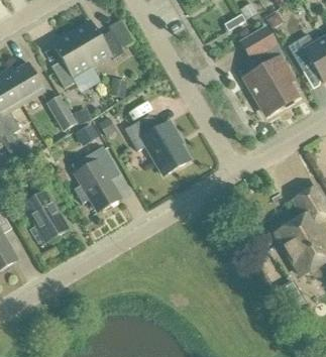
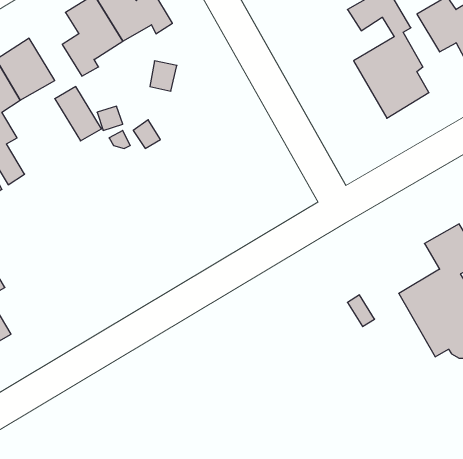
building: [124,113,190,174] -> none
building: [71,145,119,211] -> none
building: [24,175,68,241] -> none

